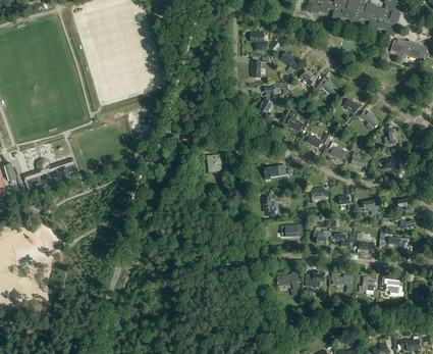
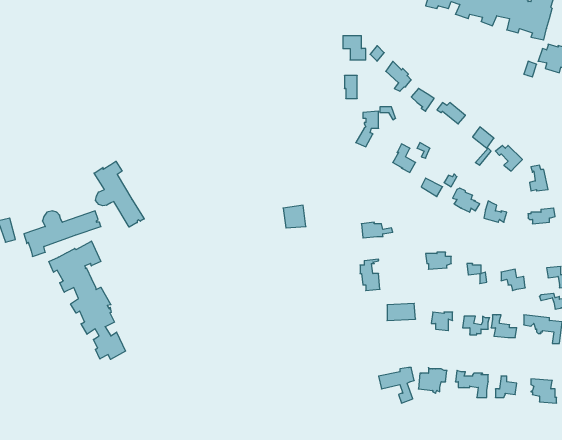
building: none -> [94,161,144,227]
building: none -> [49,241,126,359]

